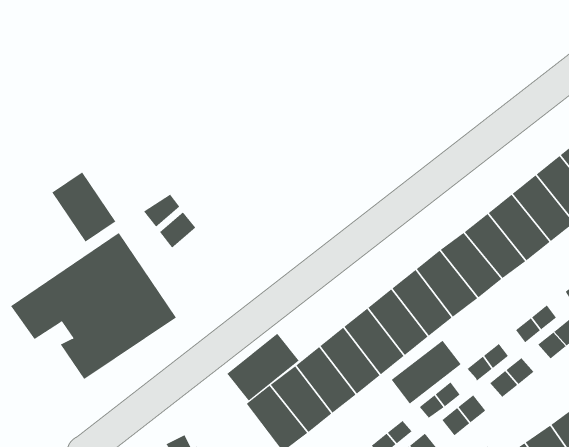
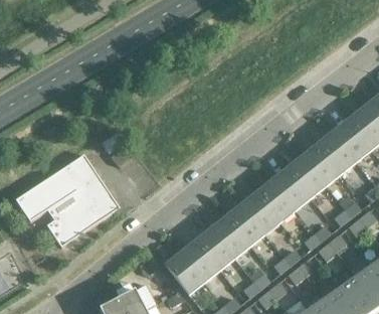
building: [52,172,116,242] -> none
building: [226,333,300,402] -> none
building: [391,340,462,404] -> none

